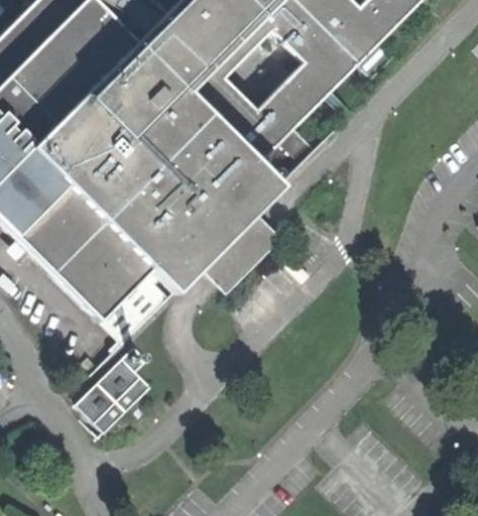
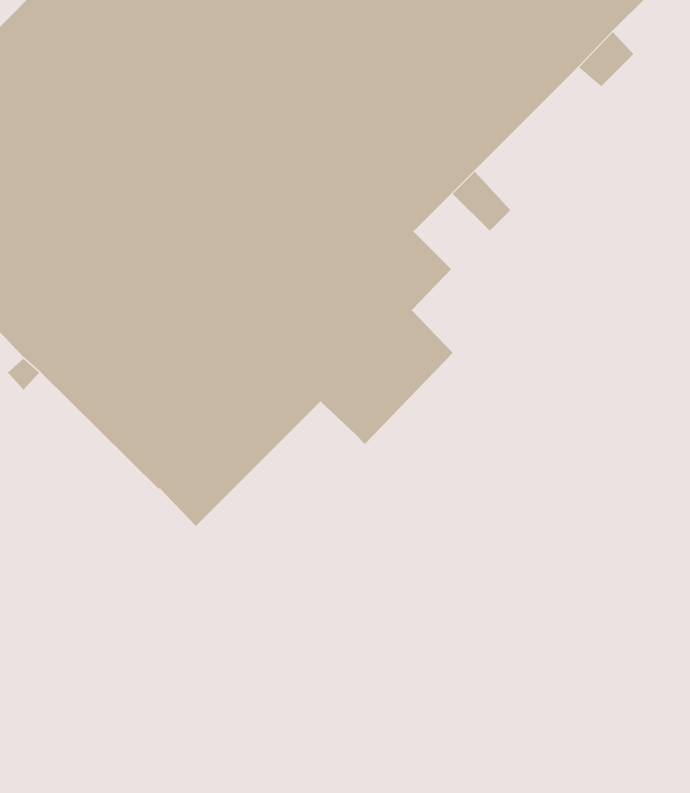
building: [78,344,153,431] -> none

